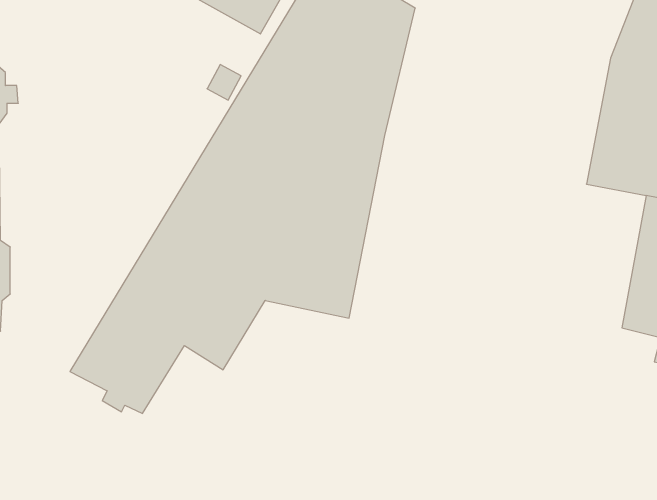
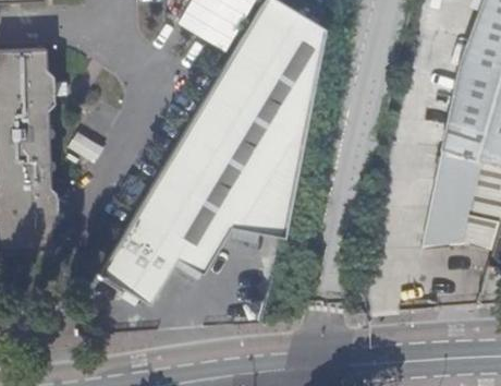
building: none -> [424,149,485,249]

